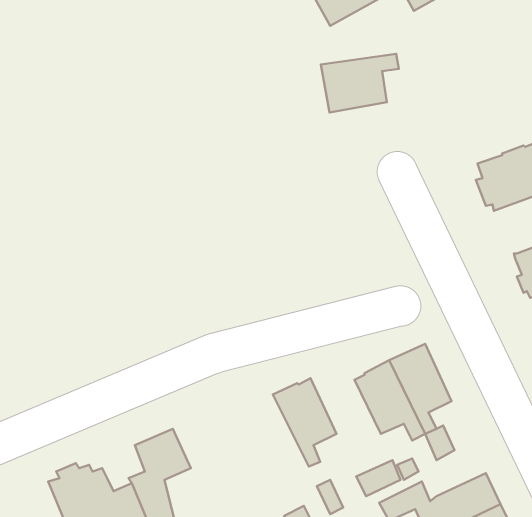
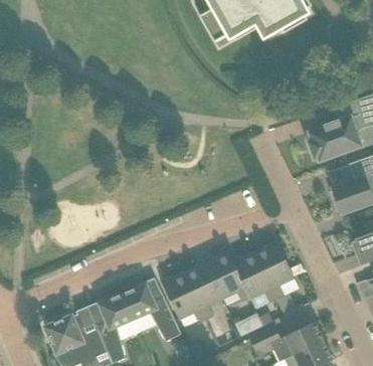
building: [321,54,399,112] -> none
building: none -> [208,252,251,301]
building: none -> [163,273,207,322]
building: none -> [124,285,183,342]

